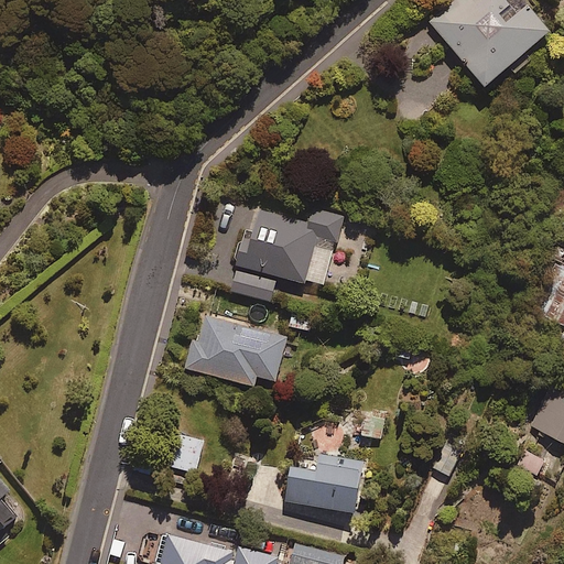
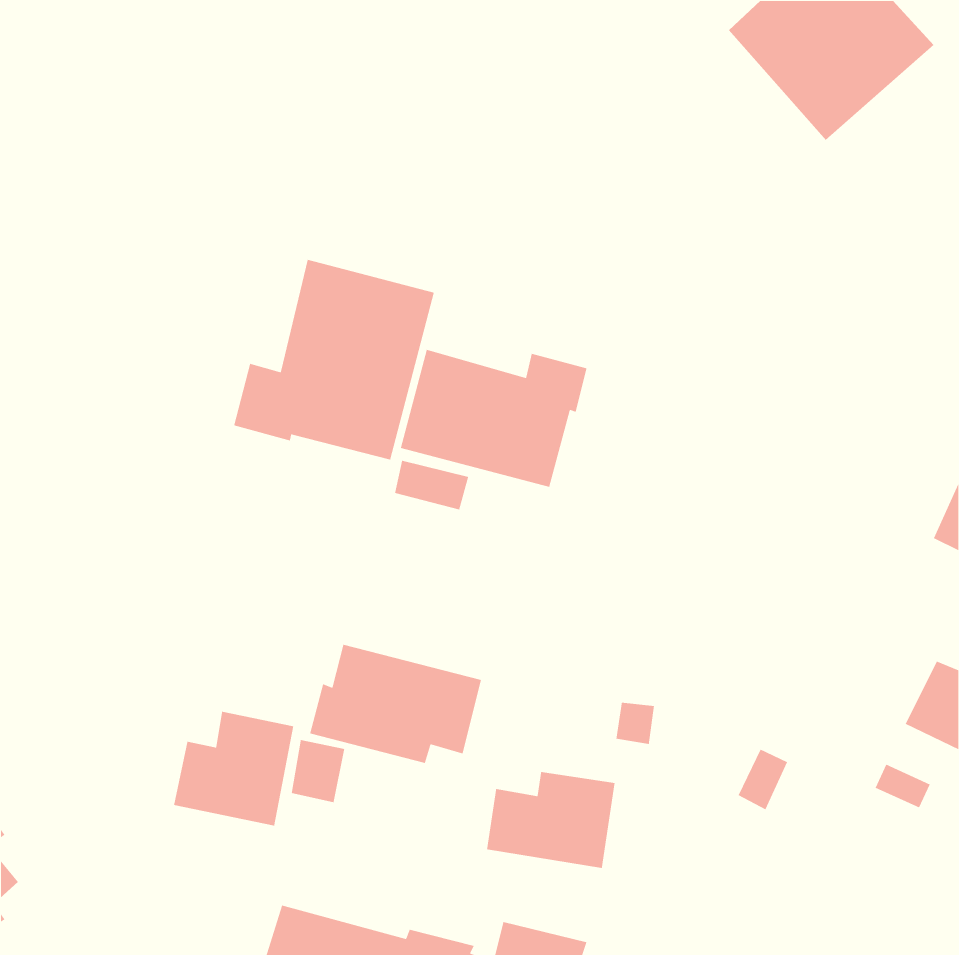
building: none -> [233,259,435,461]
building: [185,316,286,387] -> [309,644,482,764]
building: none -> [173,711,294,826]

